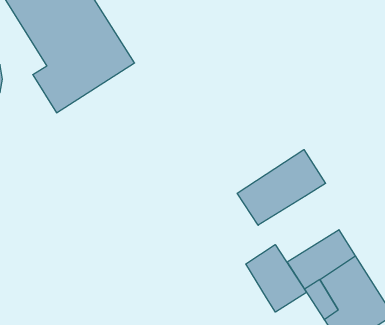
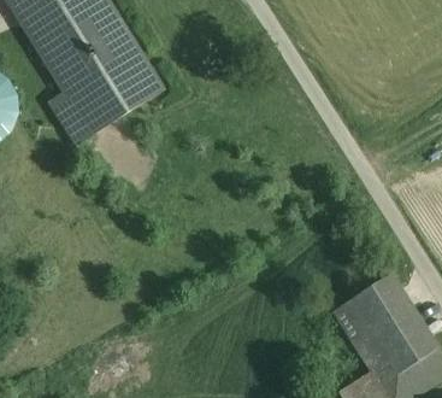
building: [237,150,326,225] -> none
building: [246,245,307,312] -> none

